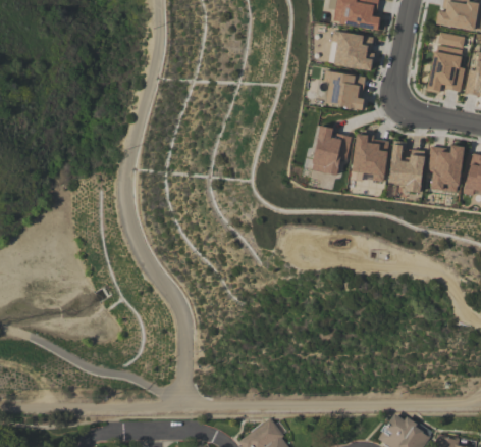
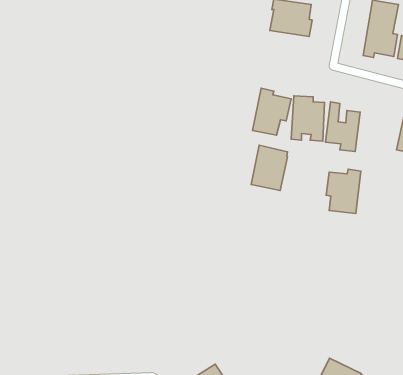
building: [324,71,366,109] -> none
building: [427,145,464,192] -> [326,169,361,213]
building: none -> [251,145,288,191]

